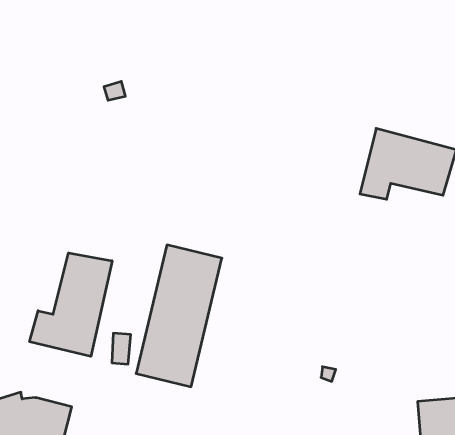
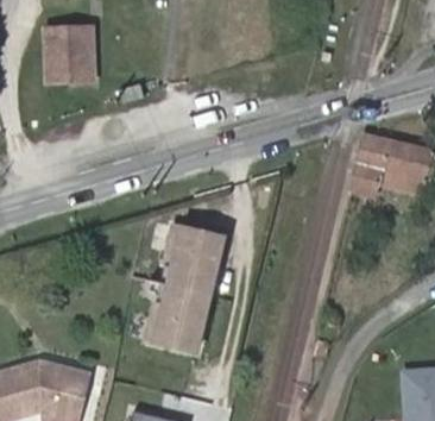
building: none -> [40,24,96,87]
building: [30,253,112,356] -> none

